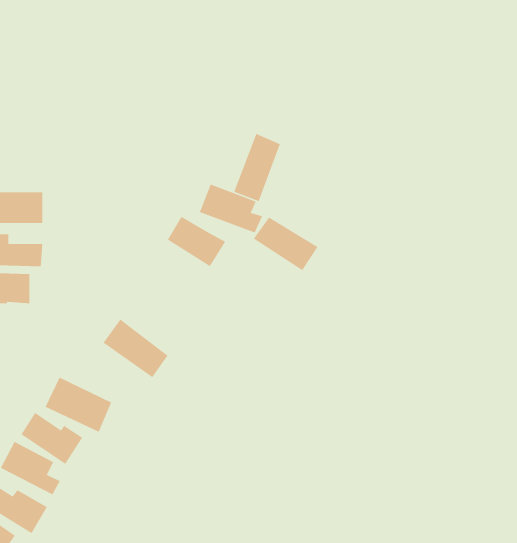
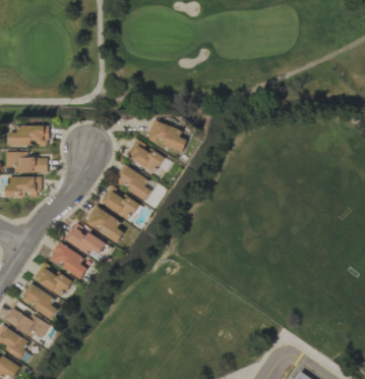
building: [233,133,281,202] -> none
building: [253,216,319,271] -> [114,166,156,201]
building: none -> [100,187,138,221]
building: none -> [64,222,107,256]

